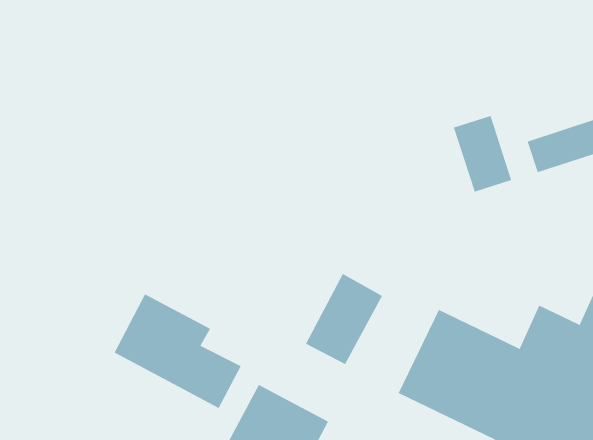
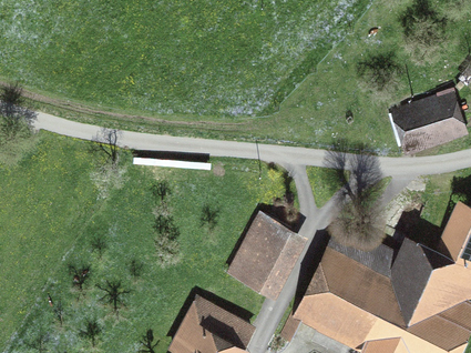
building: [453,115,512,192] -> none
building: [114,294,242,409] -> none

